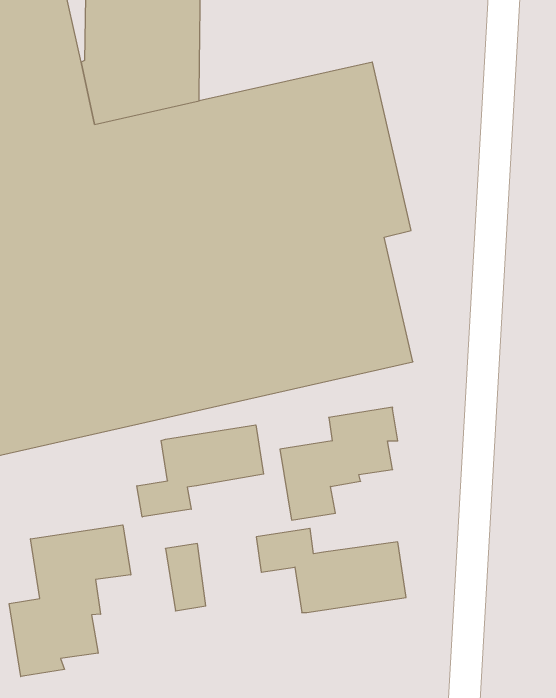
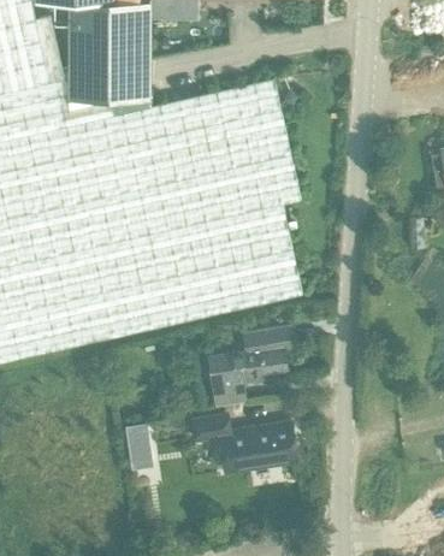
building: [137,425,264,517] -> none
building: [9,525,131,677] -> none

